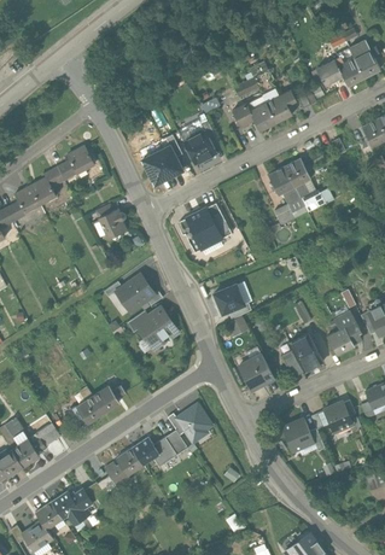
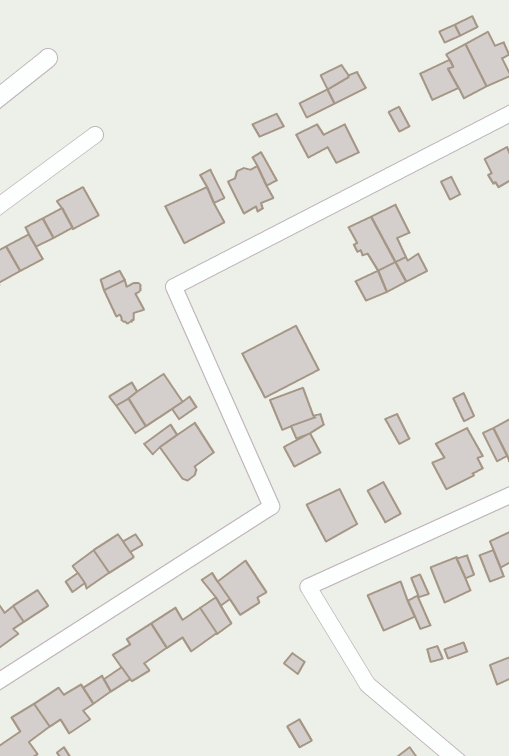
building: [266,88,296,121] -> none
building: [179,201,232,251] -> [242,326,319,397]
building: [290,333,323,370] -> none

